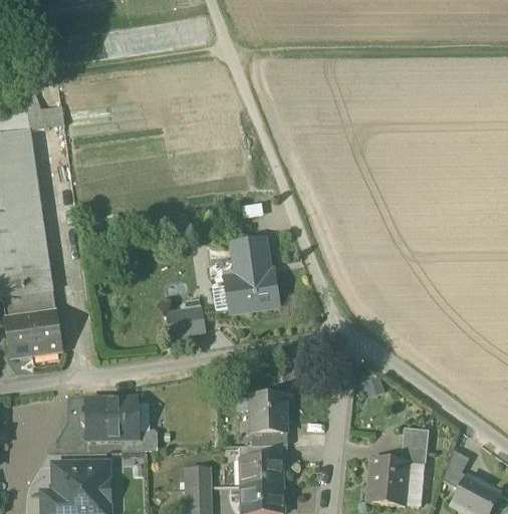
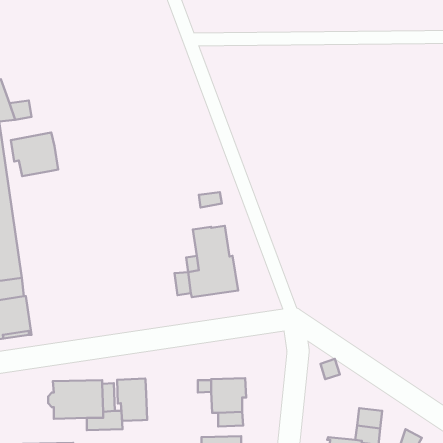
building: none -> [11,133,58,176]
building: [167,307,204,335] -> none
building: none -> [117,379,147,421]

